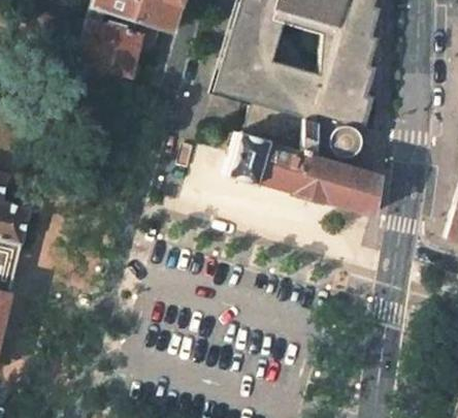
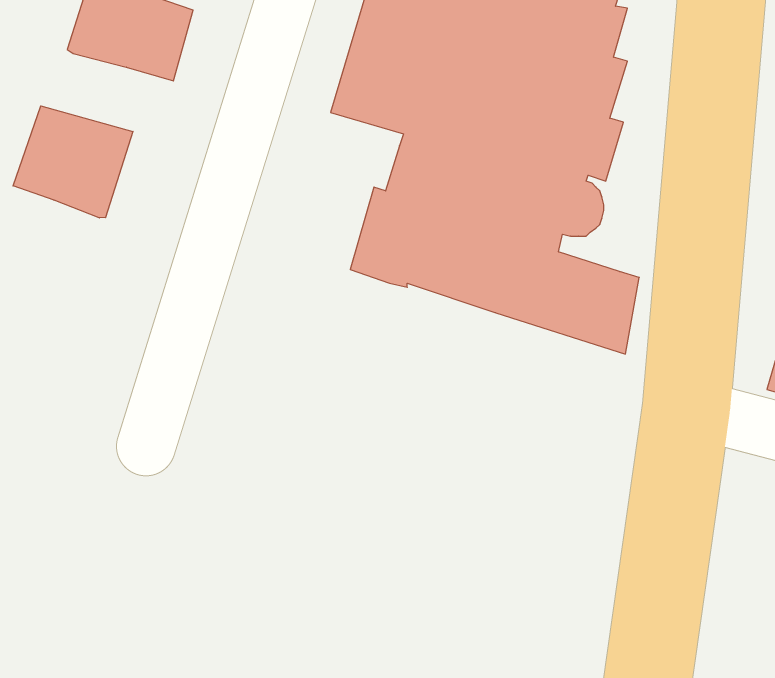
building: none -> [13,106,133,218]

